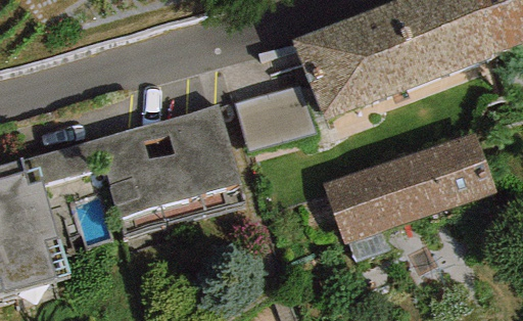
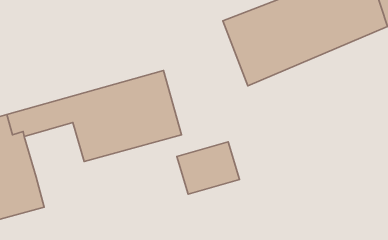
building: [234,87,313,152] -> [177,142,239,194]
building: [325,135,494,243] -> none

